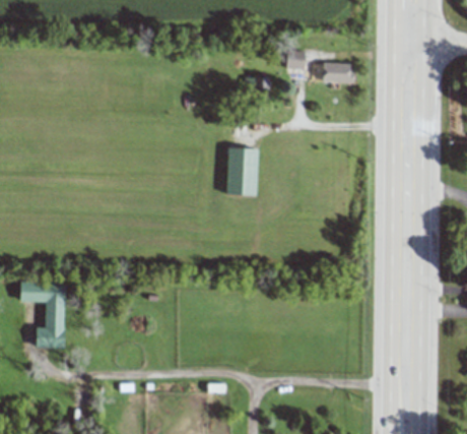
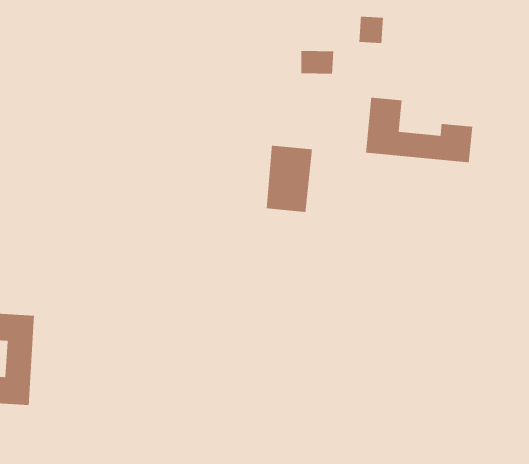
building: [323,62,354,82] -> none
building: none -> [365,97,473,163]

